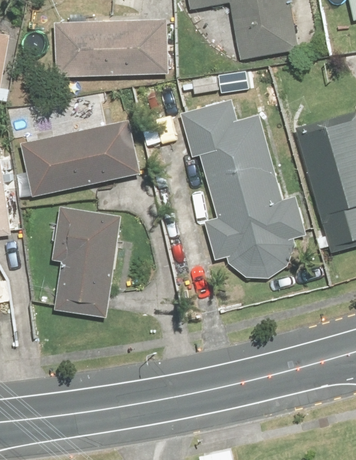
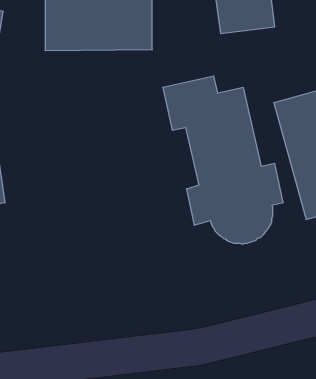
building: [19,119,140,195] -> none
building: [50,207,121,316] -> none

